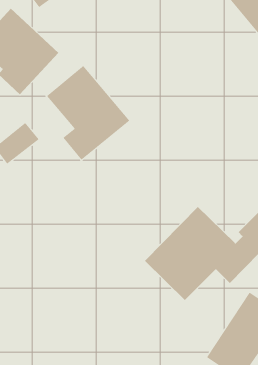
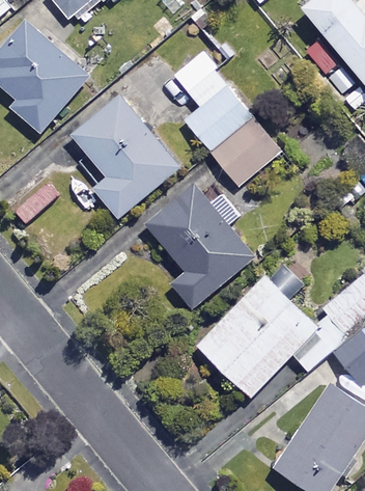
building: none -> [184,69,273,185]
building: none -> [144,183,254,309]

